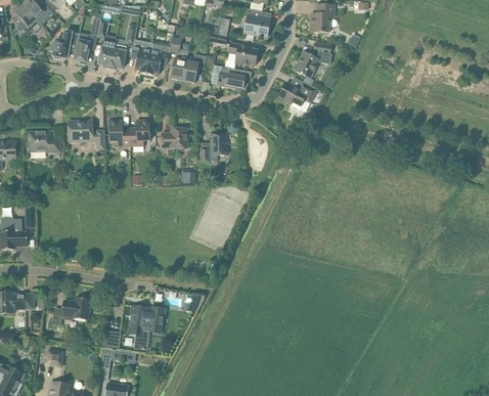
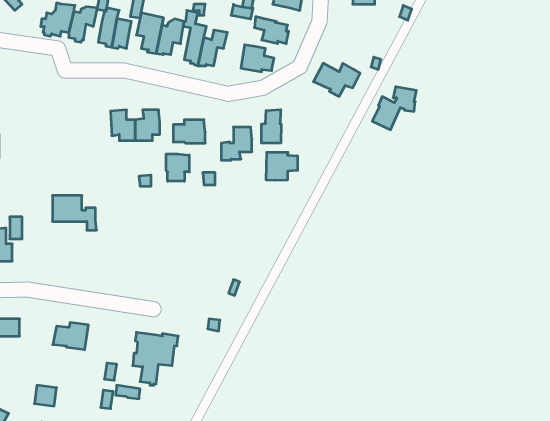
building: [295,42,331,78] -> [372,87,416,130]
building: none -> [261,110,281,143]
building: [68,120,104,148] -> [52,196,97,230]
building: [28,131,59,152] -> none
building: none -> [266,152,298,180]
building: none -> [166,154,189,181]

